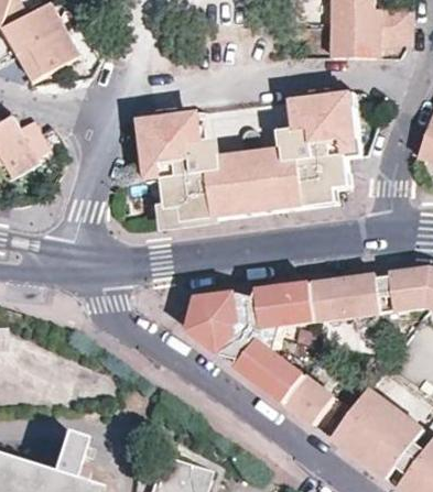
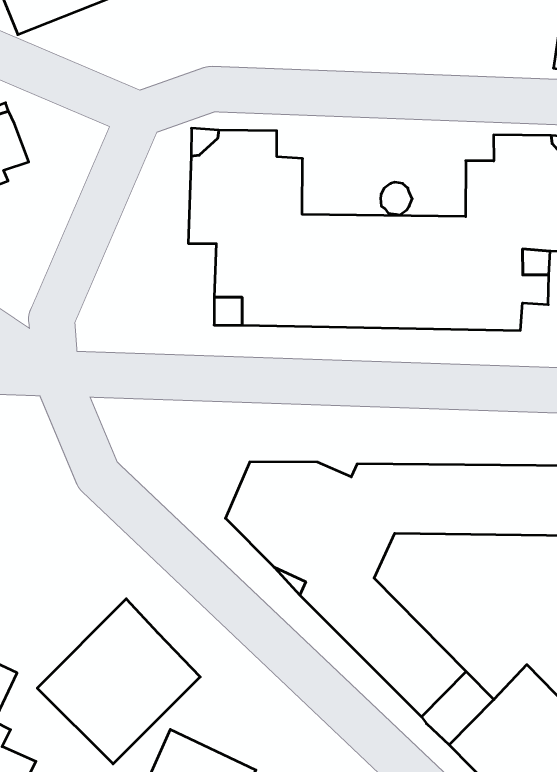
building: none -> [37,599,200,764]

